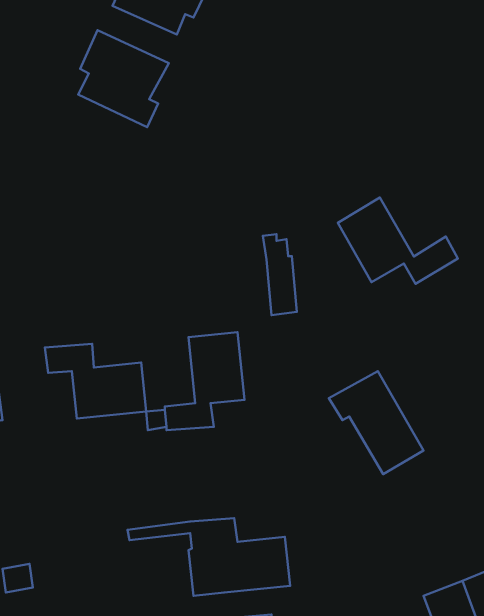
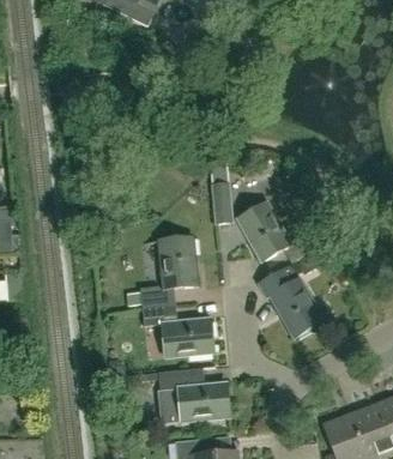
building: [78,30,169,127] -> none
building: [338,197,458,284] -> [237,201,322,262]
building: [45,344,146,418] -> [141,303,213,356]

